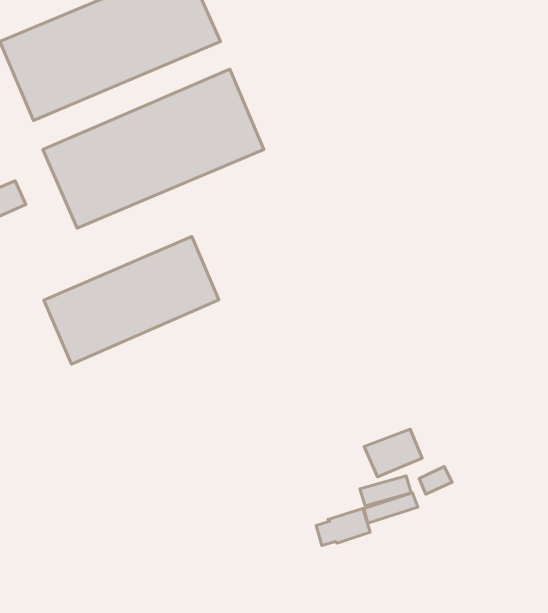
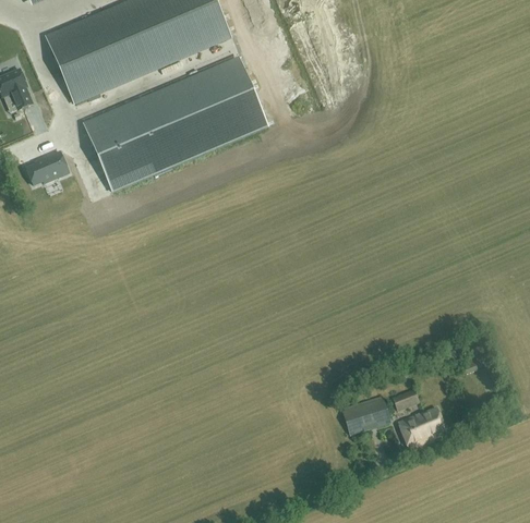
building: [44,237,219,364] -> none
building: [364,429,422,477] -> [398,409,446,448]
building: [316,508,370,546] -> none

